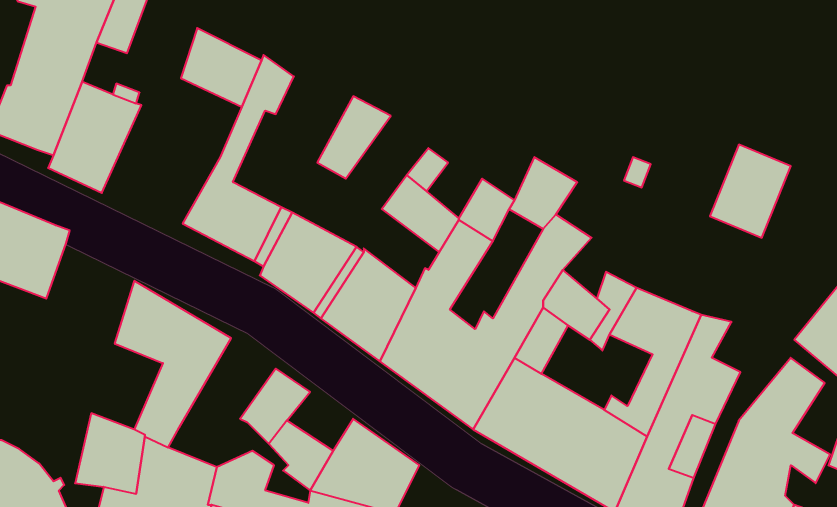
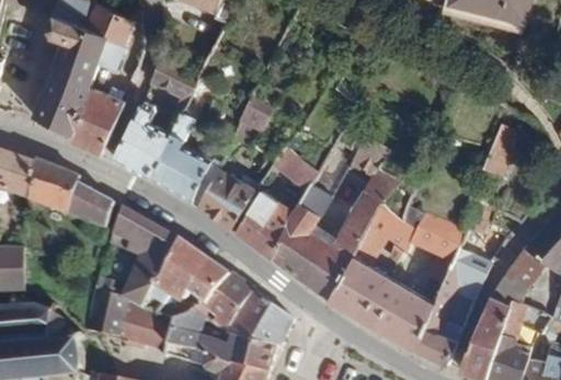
building: none -> [114,97,173,172]
building: none -> [67,184,115,231]
building: none -> [148,242,207,306]

